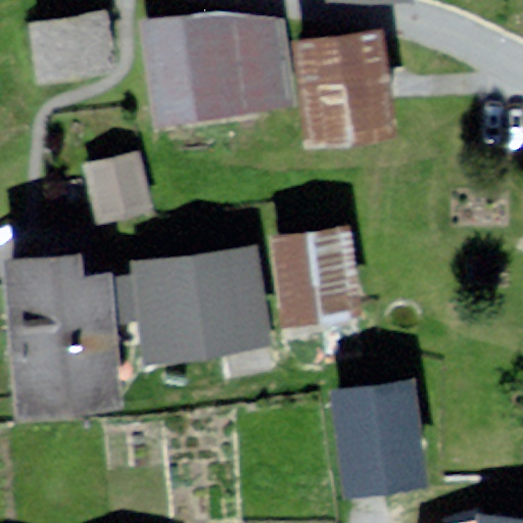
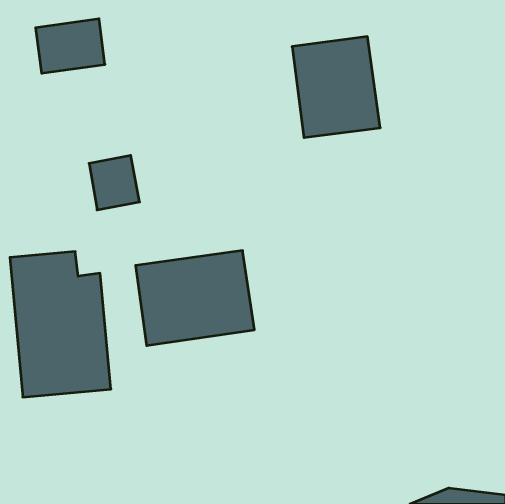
building: [153,18,287,115] -> none
building: [279,237,356,320] -> none
building: [338,388,419,489] -> none

